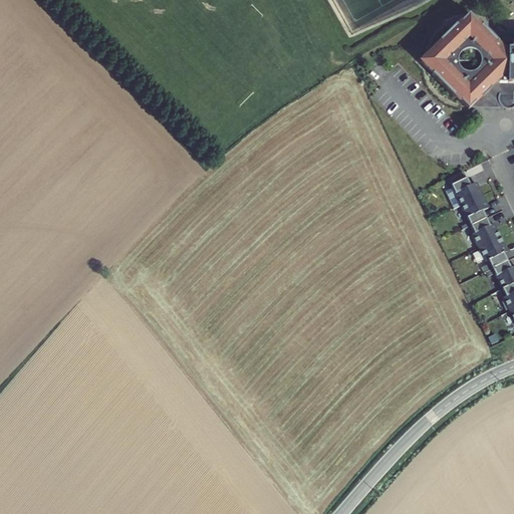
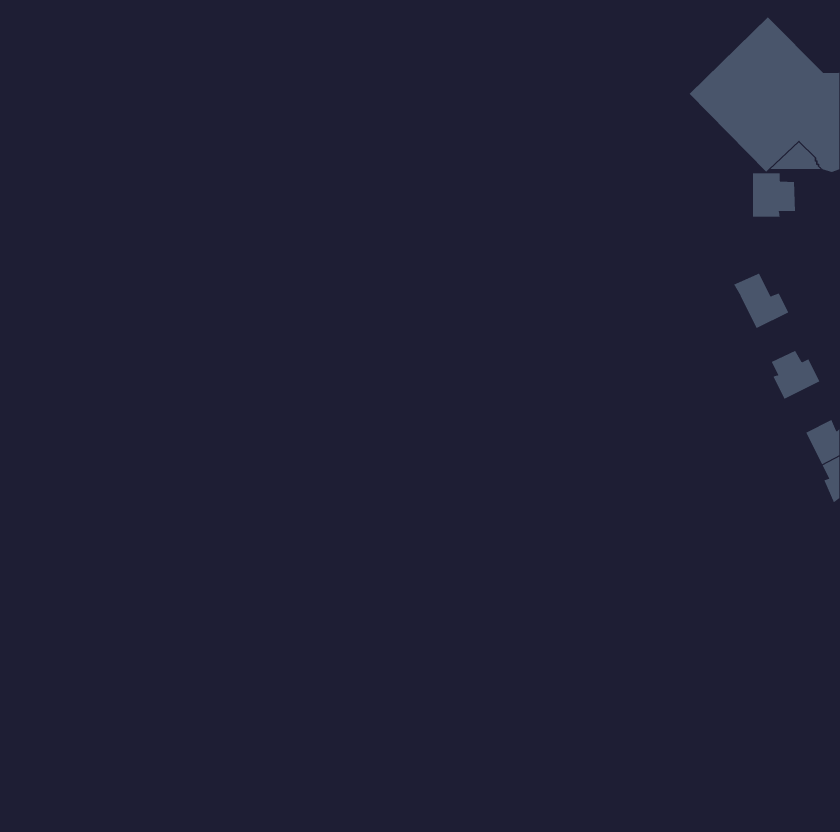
building: none -> [752,173,795,217]
building: [462,191,488,221] -> none
building: [479,233,508,264] -> none

